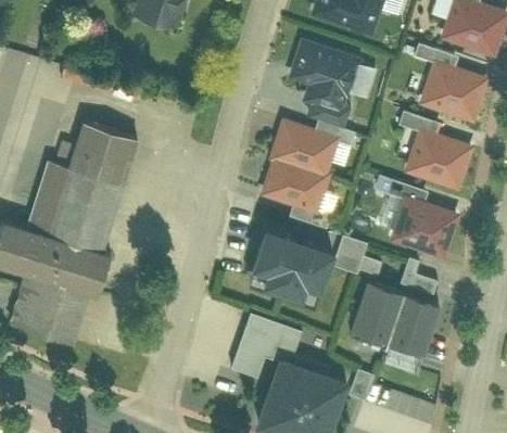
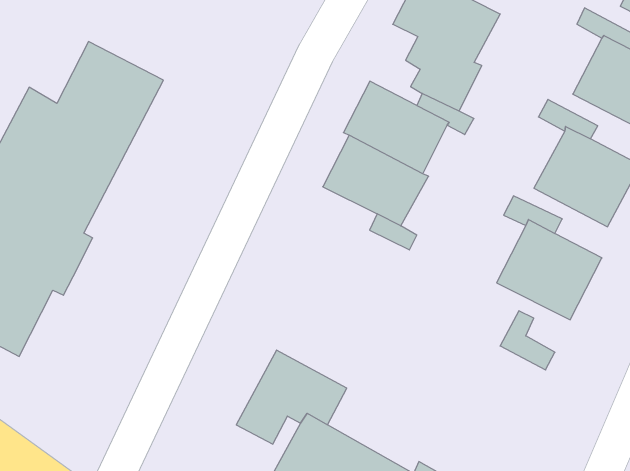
building: [243,221,331,302] -> none
building: [332,235,380,275] -> none
building: [347,280,440,359] -> none

